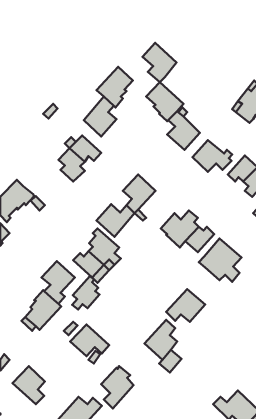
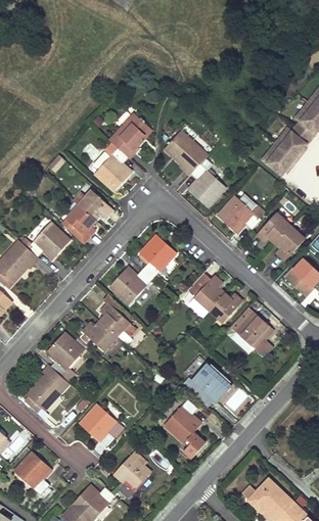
building: [142,43,176,82] -> none
building: none -> [27,222,71,258]
building: [72,276,100,309] -> none

